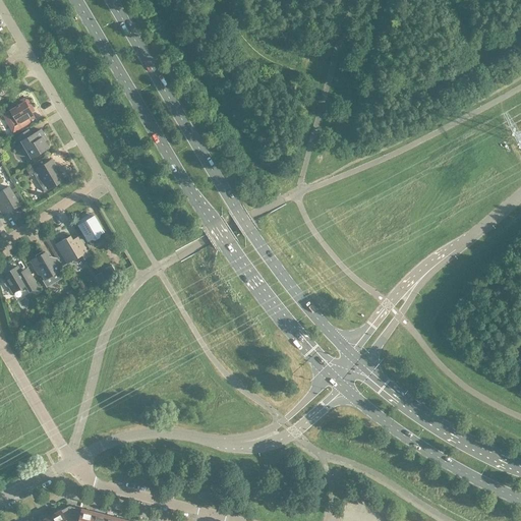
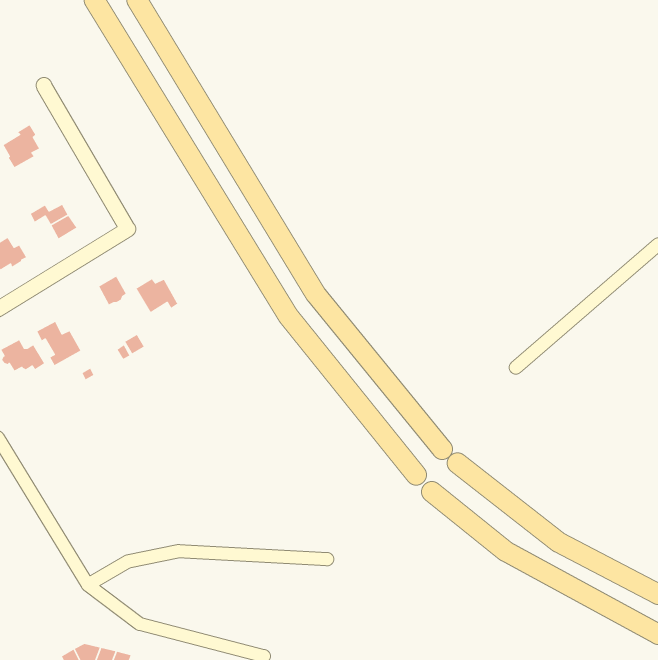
building: [15,130,47,159] -> none
building: [53,236,89,265] -> [133,278,179,314]

